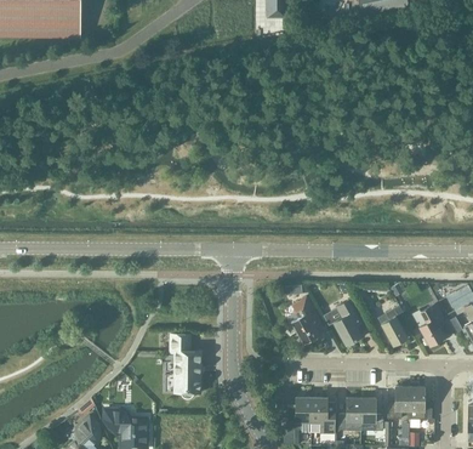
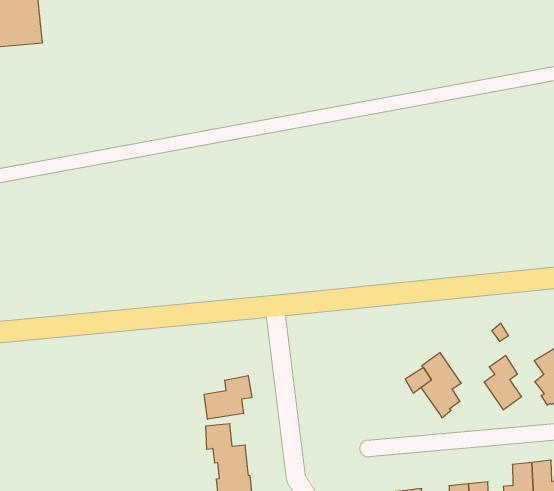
building: [291,295,320,345] -> none
building: none -> [204,375,252,419]

